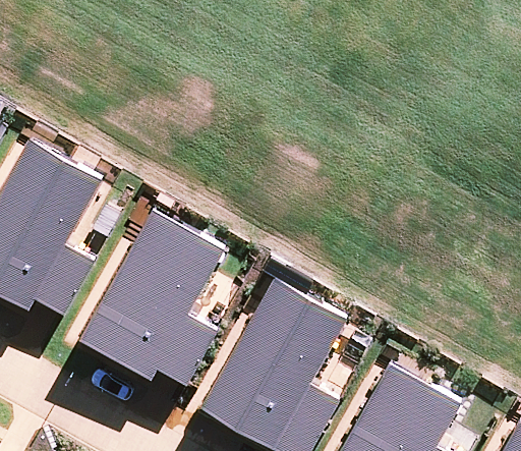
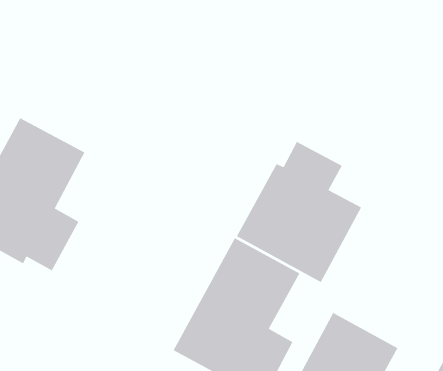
building: none -> [236,141,362,283]
building: [76,207,224,386] -> none

